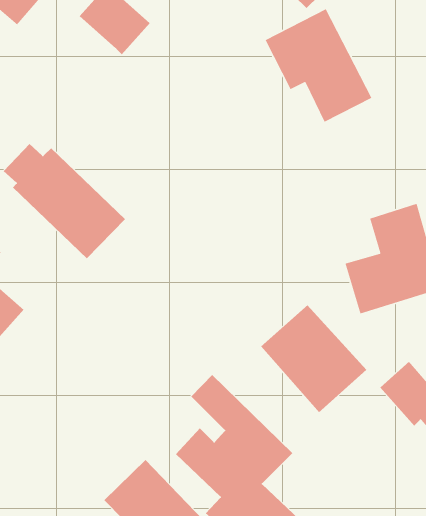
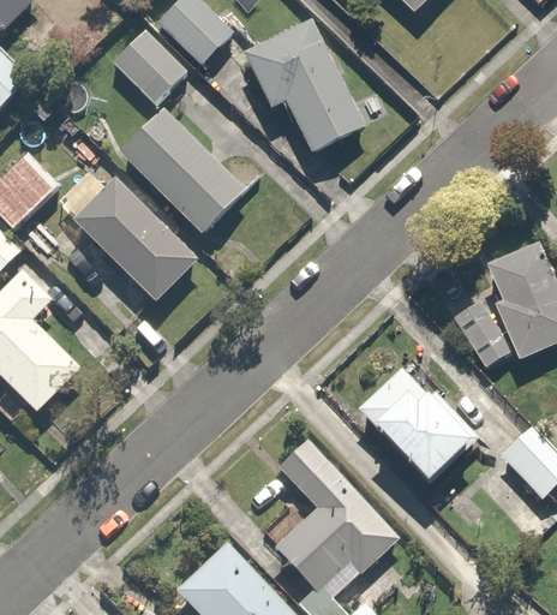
building: [265,8,372,123] -> [240,18,366,153]
building: none -> [110,22,192,103]
building: none -> [116,107,246,234]

